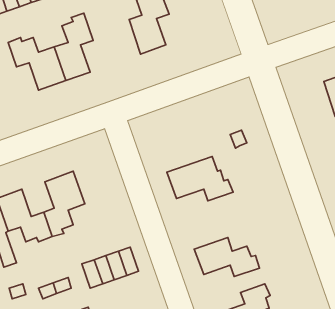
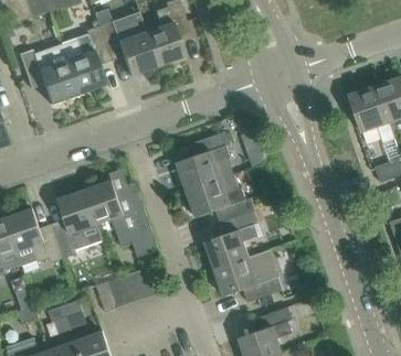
building: none -> [97,19,157,76]
building: none -> [176,131,232,190]
building: none -> [86,180,158,257]
building: none -> [203,211,258,270]

